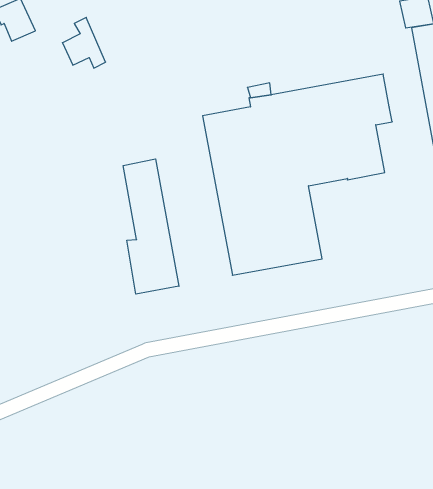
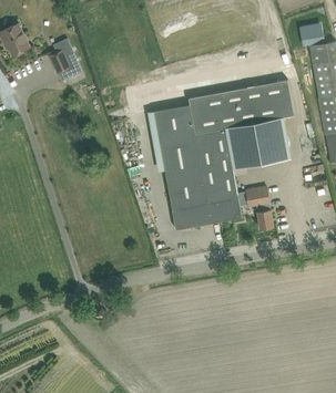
building: [123,159,179,294] -> none
building: none -> [245,187,273,229]

